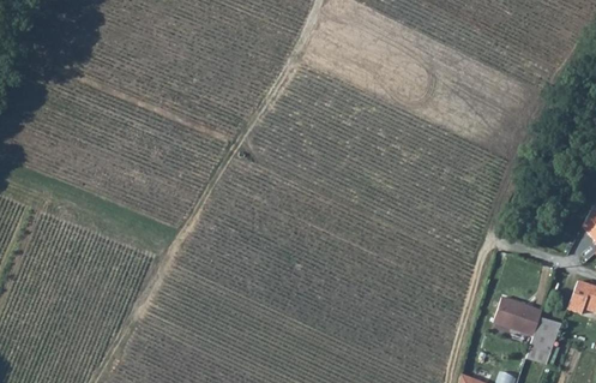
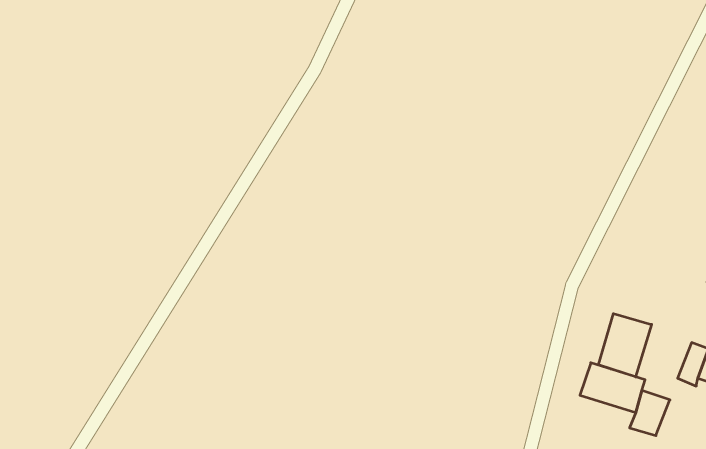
building: none -> [598,314,652,377]

